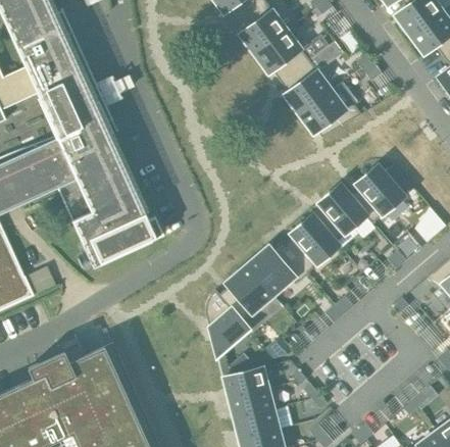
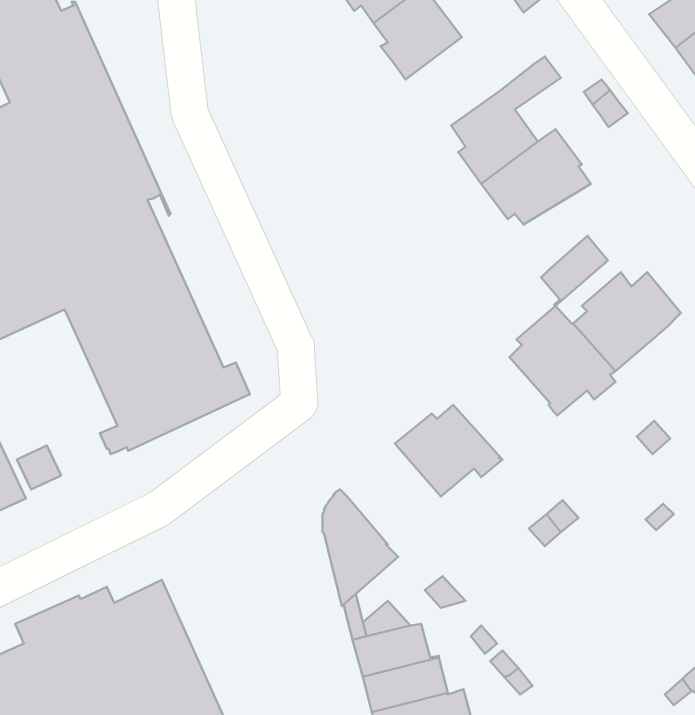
building: [253,30,328,81] -> none
building: none -> [541,236,608,306]
building: [281,214,339,272] -> none
building: [219,264,273,322] -> none

